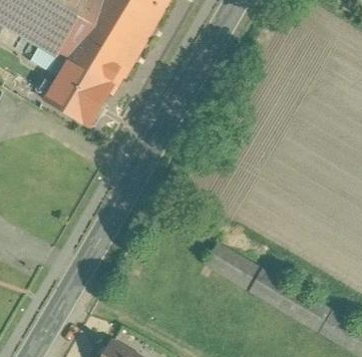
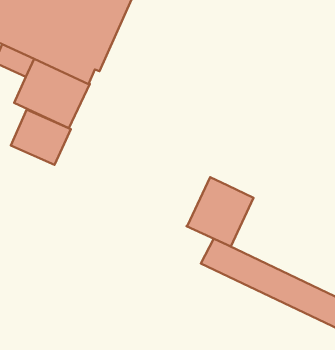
building: none -> [11,109,71,165]
building: none -> [187,177,253,246]

